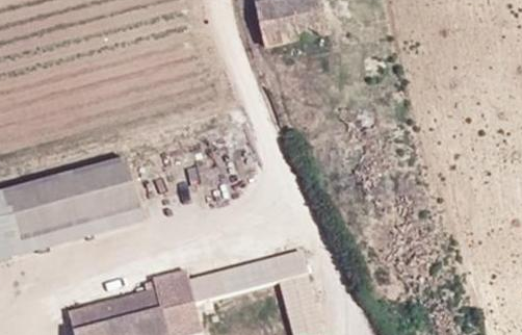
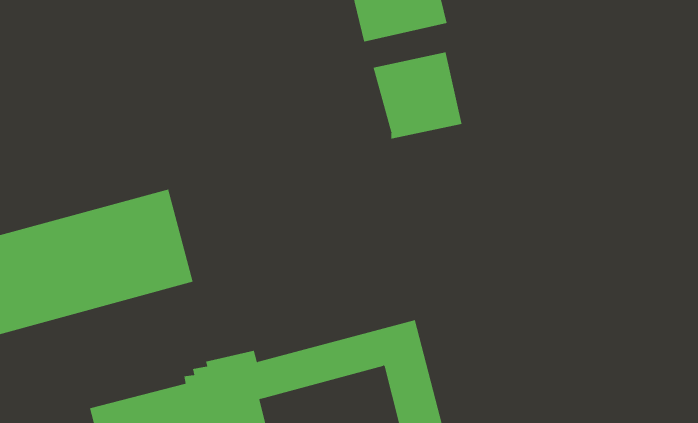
building: none -> [373,52,462,139]

